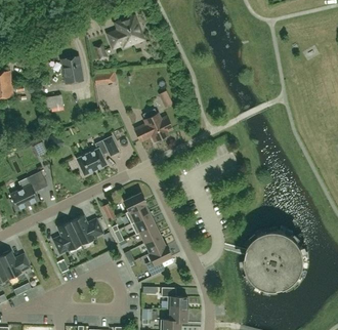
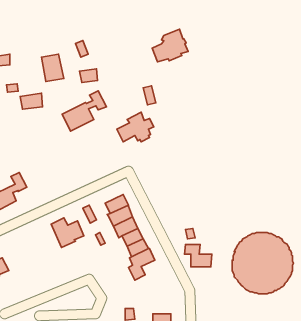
building: [108,15,142,47] -> [152,29,188,62]
building: [76,136,119,175] -> [62,91,107,131]
building: [52,221,81,253] -> none
building: [161,287,187,308] -> [184,245,212,267]

